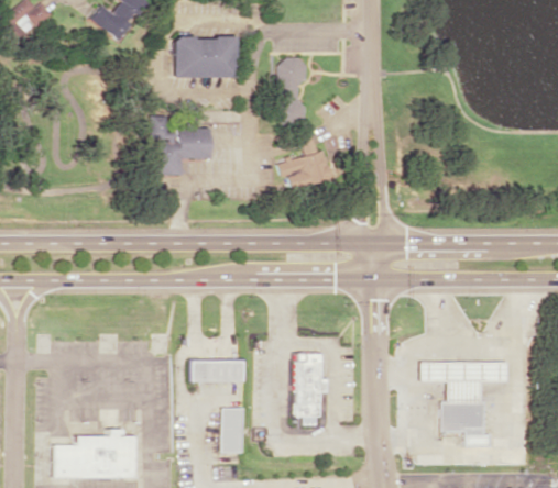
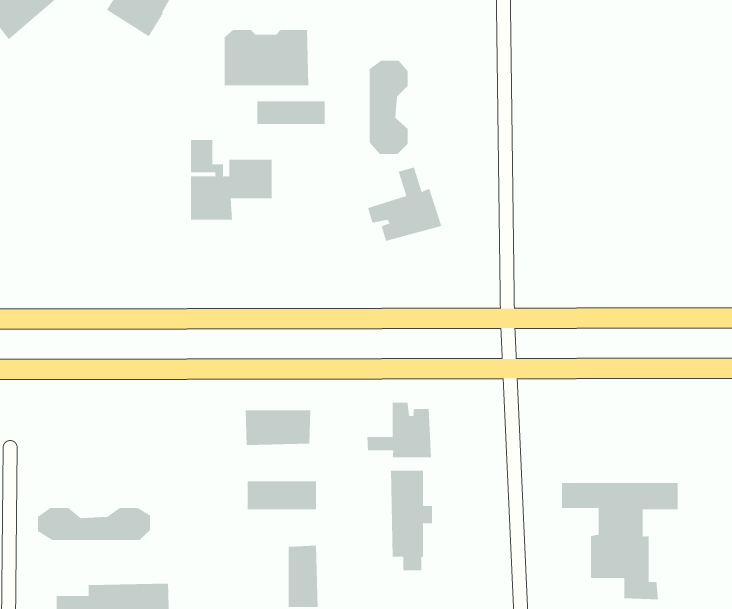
building: none -> [257,101,325,125]
building: none -> [367,402,432,458]
building: none -> [245,409,311,446]
building: none -> [38,507,150,541]

